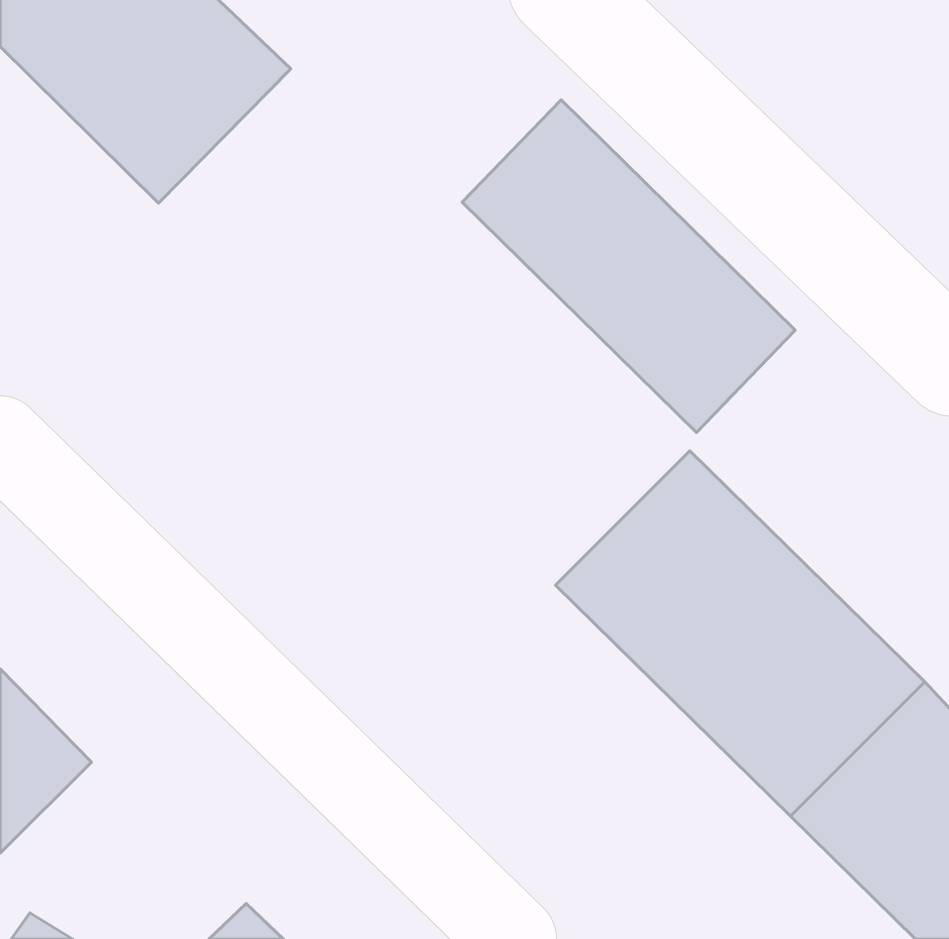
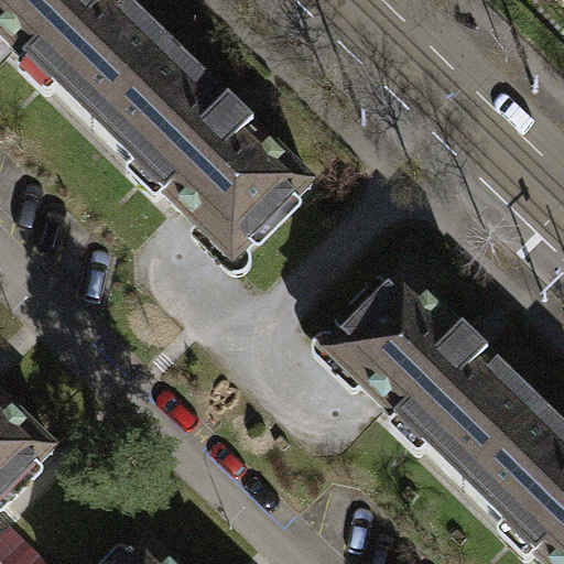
building: none -> [96,41,311,256]
building: [462,100,795,433] -> none

